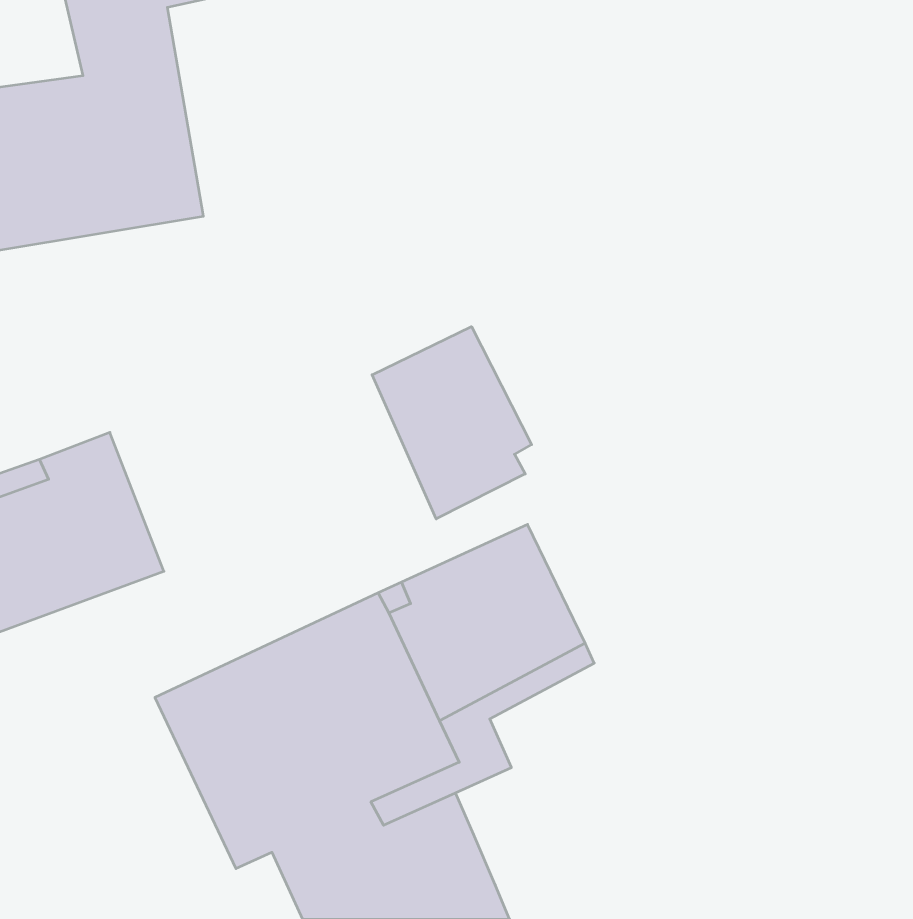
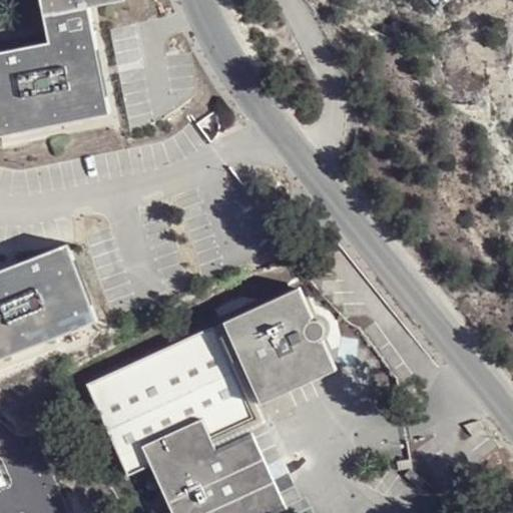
building: [372,327,532,519] -> none

